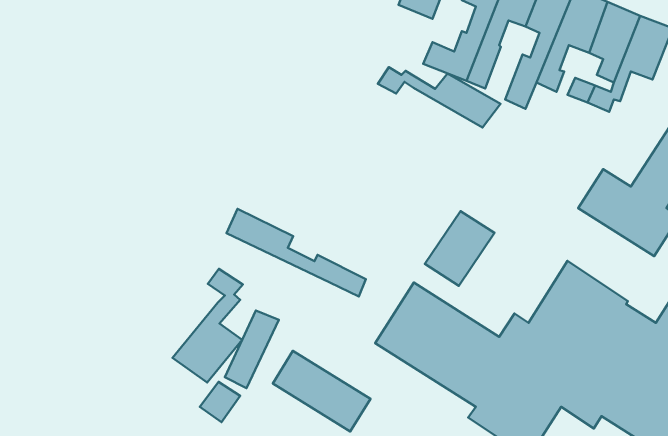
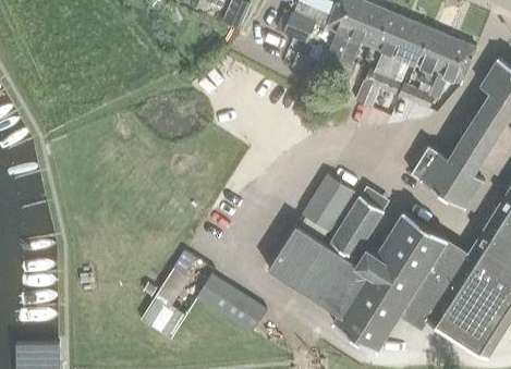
building: [378,67,500,127] -> none
building: [226,209,366,296] -> none
building: none -> [329,197,381,257]
building: [173,269,243,382] -> none

